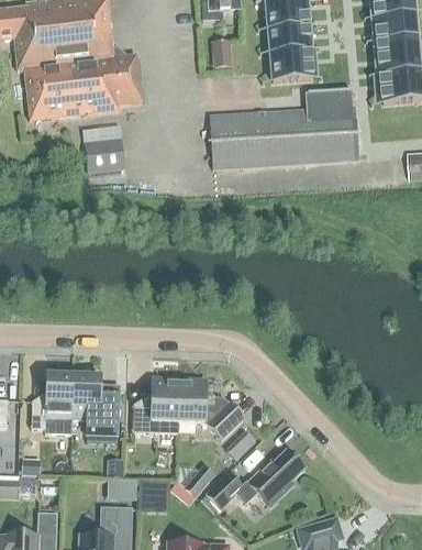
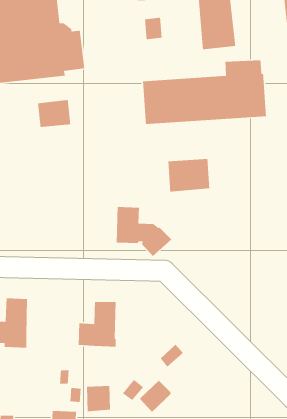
building: none -> [167,158,210,192]
building: [71,375,119,435] -> none
building: [177,378,244,439] -> [116,206,172,257]
building: [237,450,304,507] -> none

